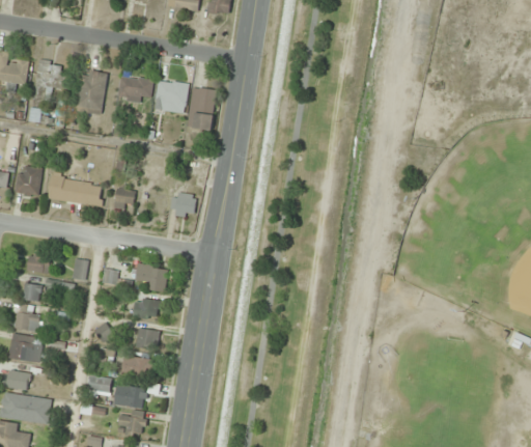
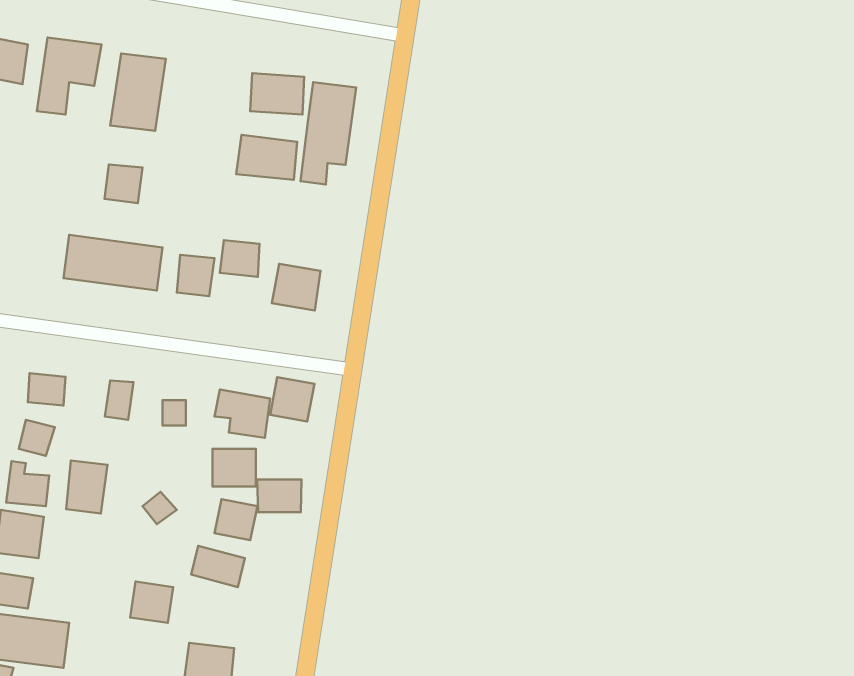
building: [117,76,152,102] -> [236,135,297,180]
building: none -> [104,165,143,203]
building: [17,166,39,194] -> none
building: none -> [220,240,260,277]
building: none -> [270,377,314,422]
building: none -> [66,460,107,513]
building: none -> [257,479,302,512]
building: [113,385,145,408] -> none

